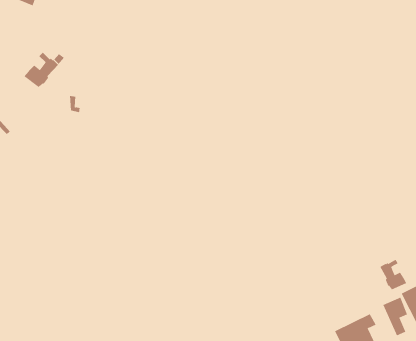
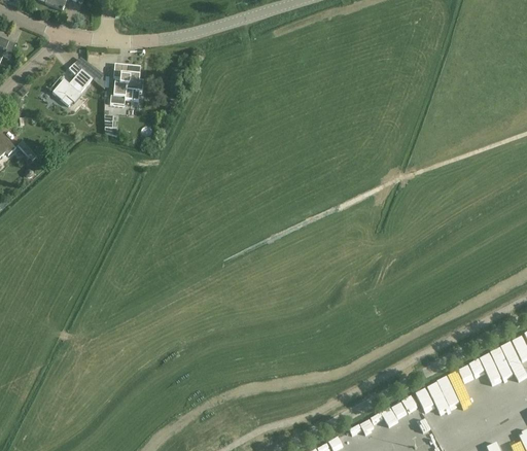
building: none -> [109,64,142,105]
building: [380,259,407,290] -> none

